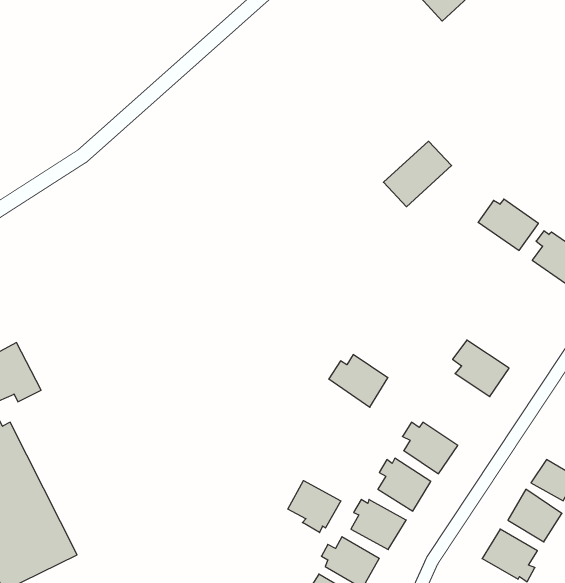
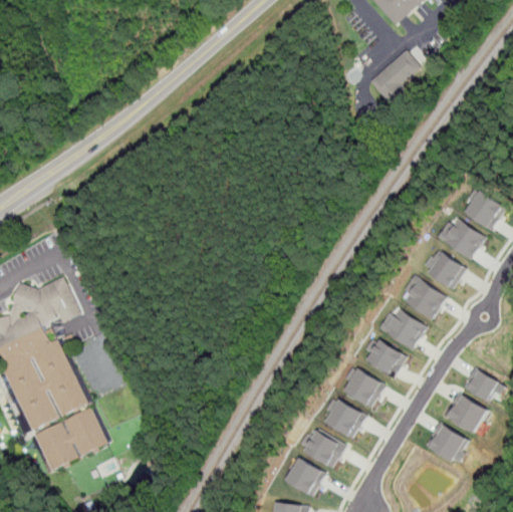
building: [383,141,452,207] -> [369,50,423,101]
building: [478,199,538,250] -> [438,219,485,259]
building: none -> [425,250,467,290]
building: [329,355,388,407] -> [379,308,426,349]
building: [288,481,341,533] -> none

